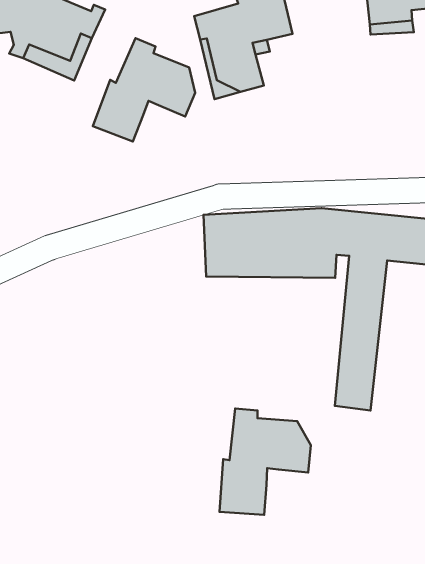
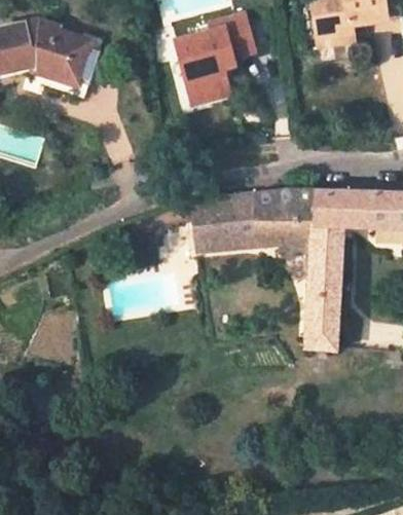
building: [93,38,195,142] -> none
building: [220,408,311,515] -> none

